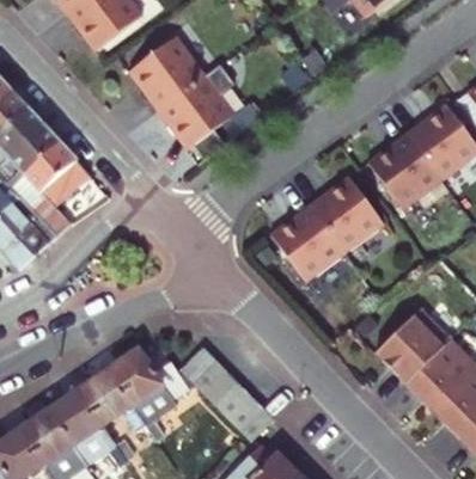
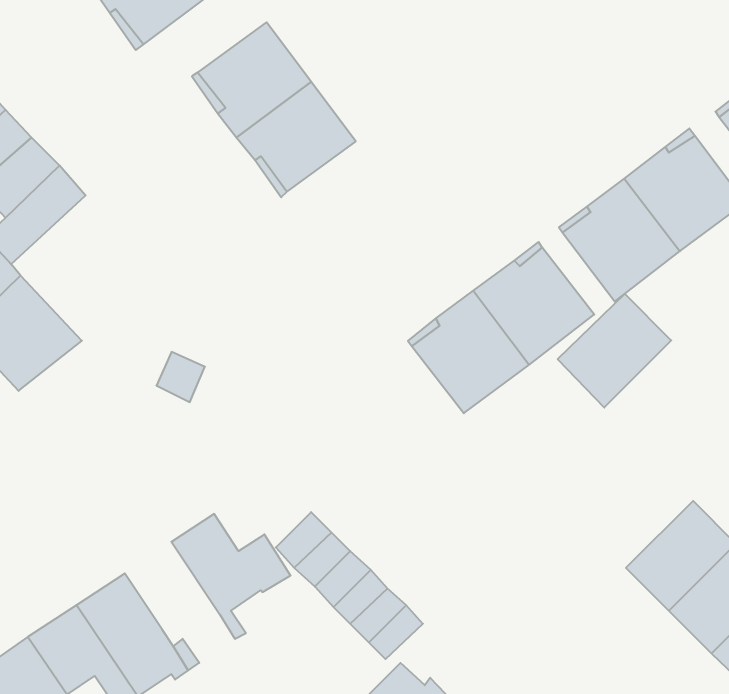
building: [12,145,91,238] -> none
building: [377,311,450,383] -> [558,294,671,408]
building: [85,367,146,423] -> none

